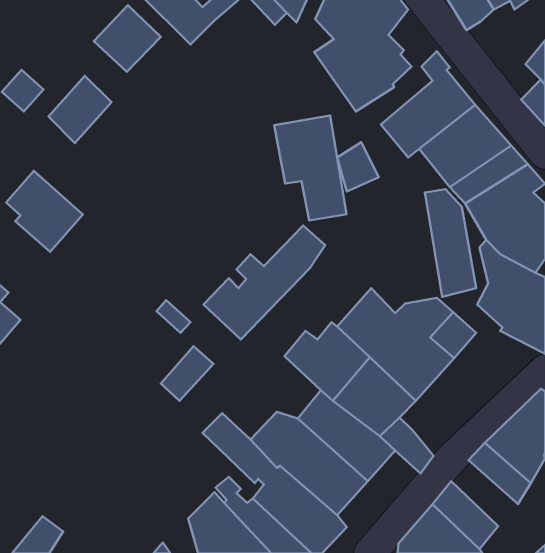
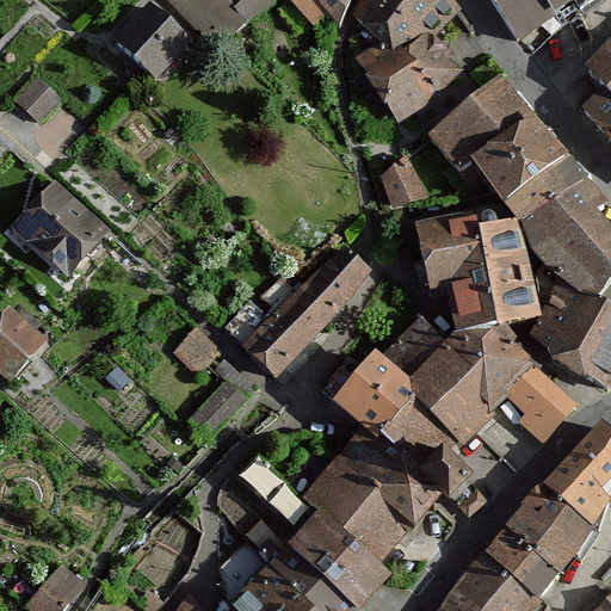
building: [48,76,111,143] -> none
building: [274,115,347,221] -> [418,216,496,331]
building: none -> [506,363,578,439]
building: none -> [506,501,576,573]

